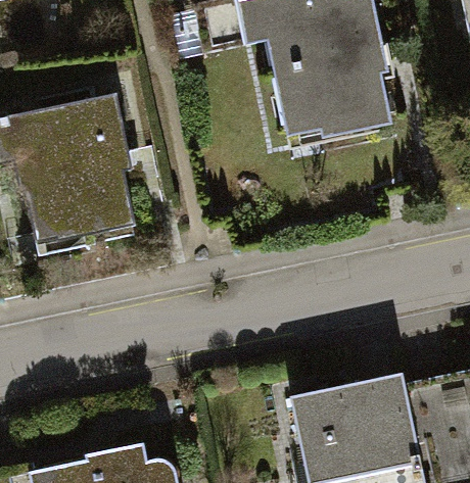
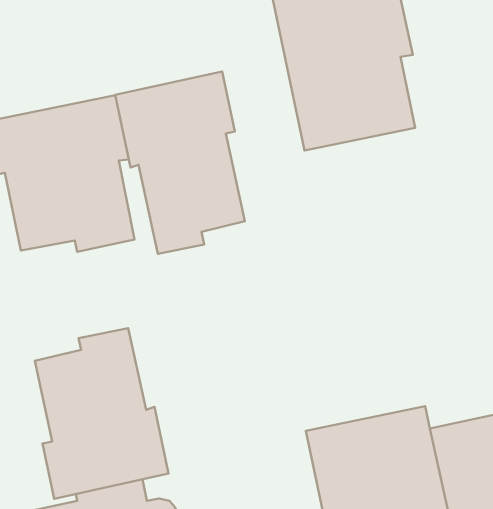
building: none -> [115,71,245,254]
building: none -> [35,328,169,499]

